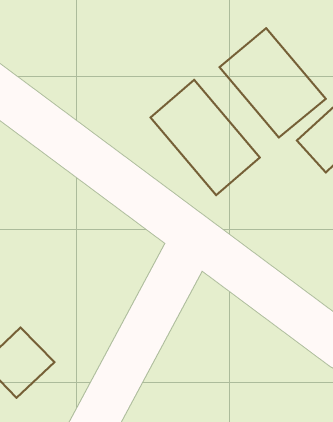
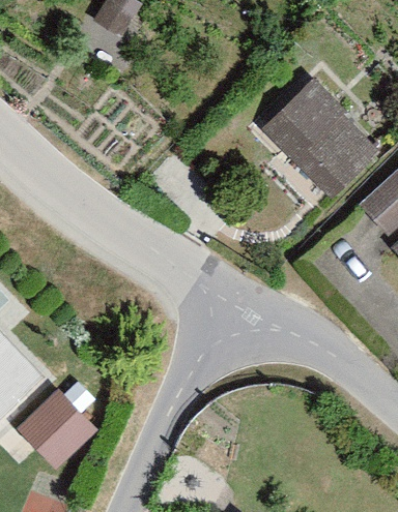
building: [150,80,260,195] -> none

